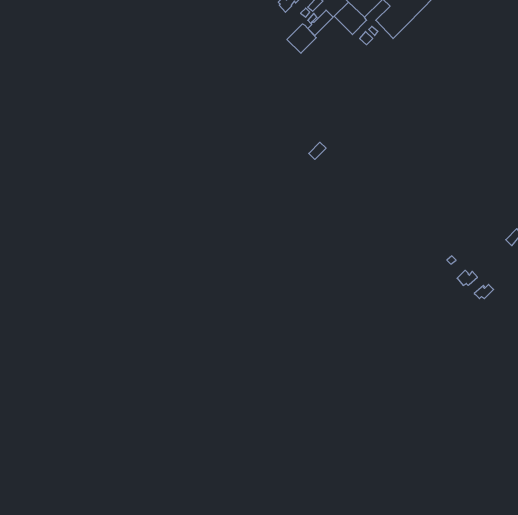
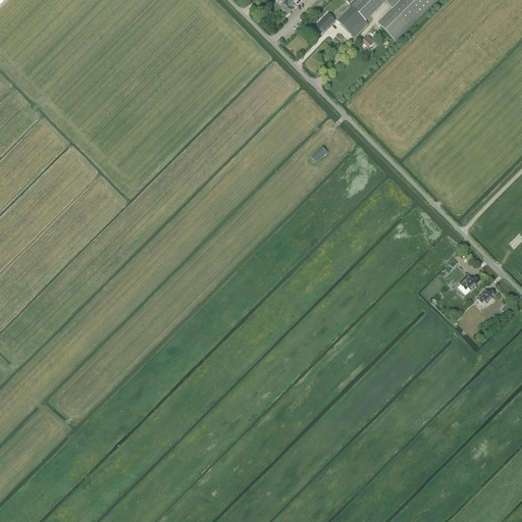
building: [287,24,316,53] -> none

